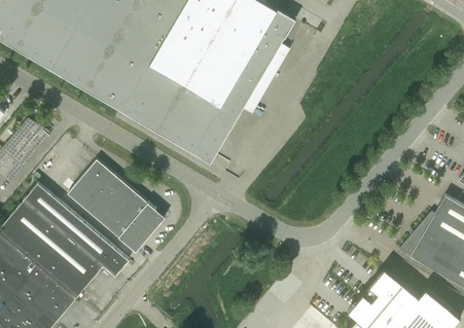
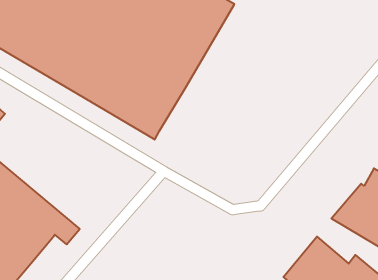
building: [67,159,165,252] -> none

